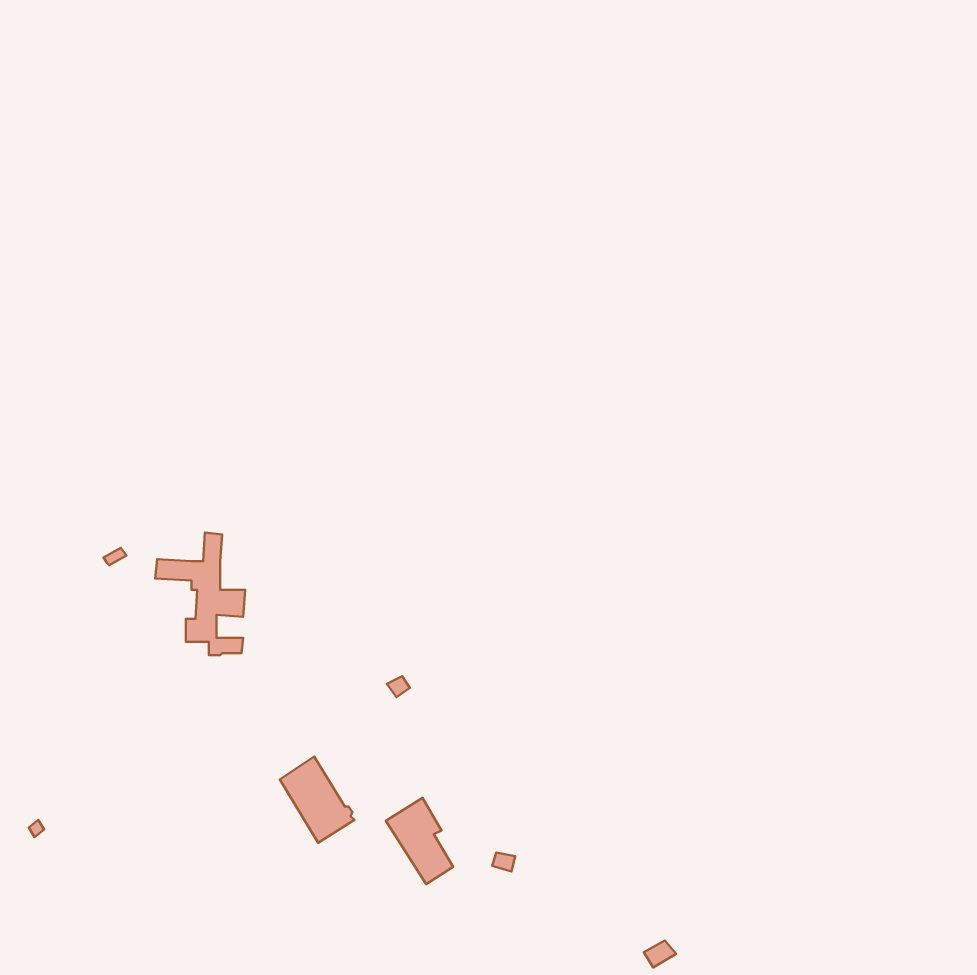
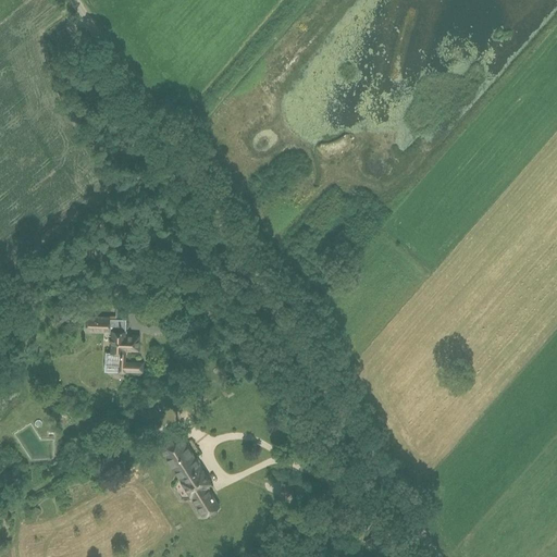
building: [386,798,453,884] -> [182,468,220,517]

